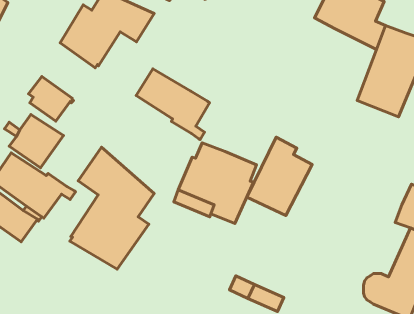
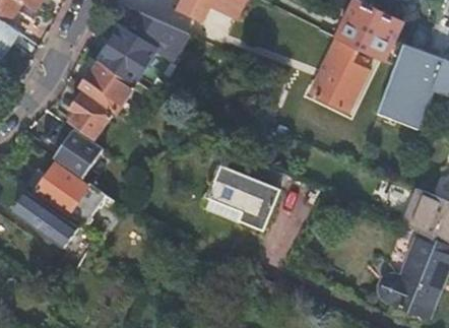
building: none -> [80,60,134,111]
building: [136,69,210,139] -> none
building: [247,137,312,216] -> [309,37,370,110]
building: [70,147,154,269] -> none

